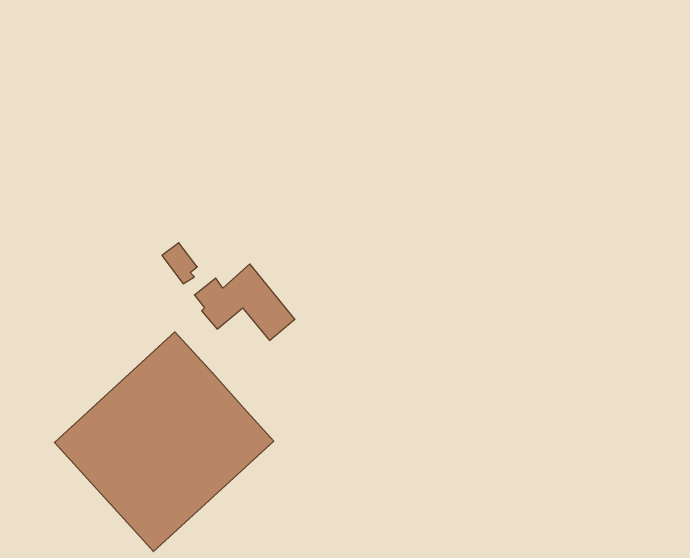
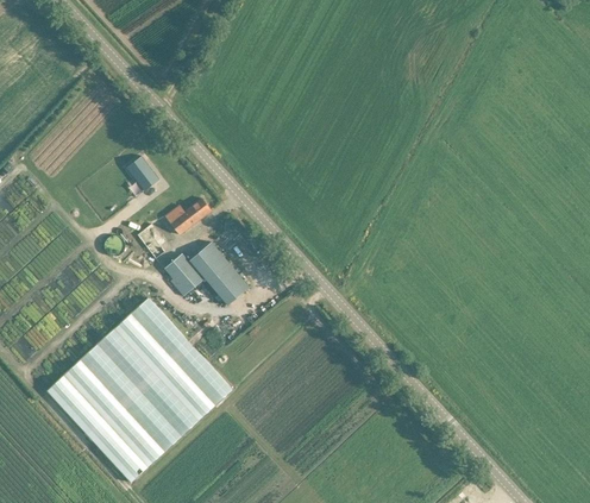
building: none -> [126,155,158,189]
building: none -> [164,196,211,233]

